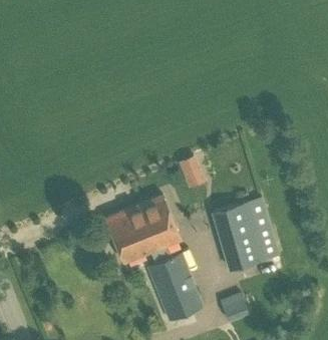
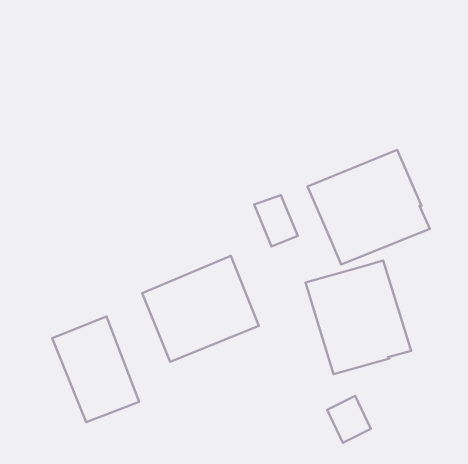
building: none -> [307,150,430,265]
building: [146,255,203,323] -> [52,316,139,422]

